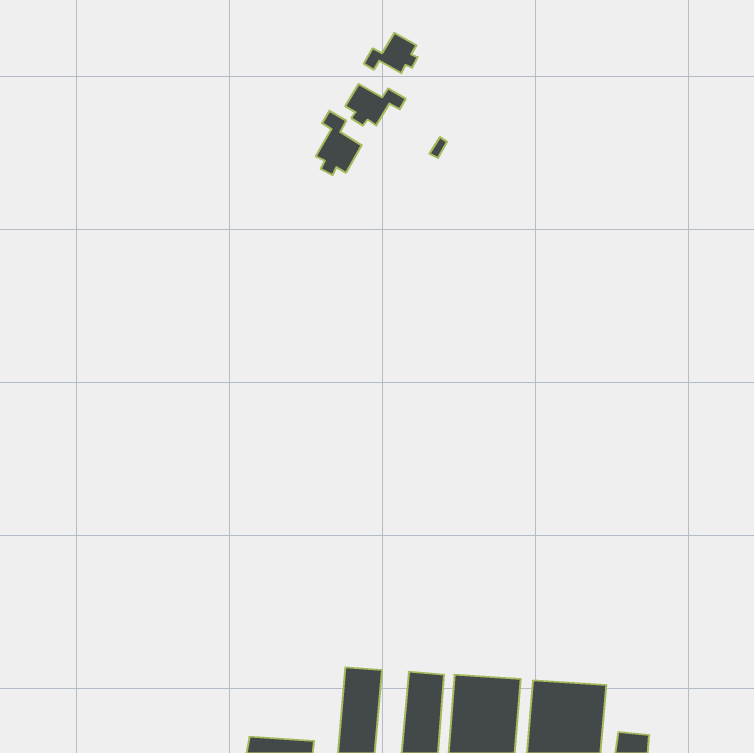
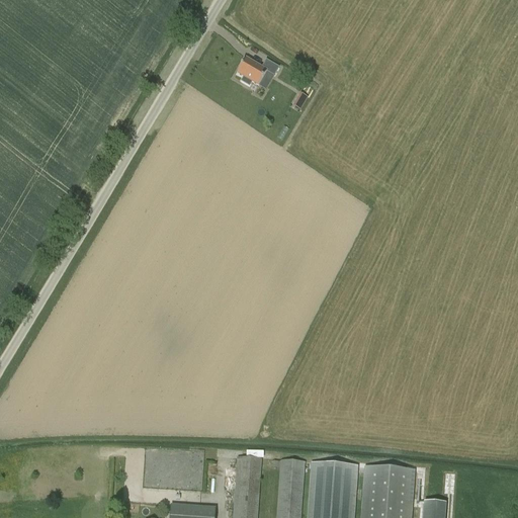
building: [364,33,418,73] -> none
building: [316,111,362,175] -> none

